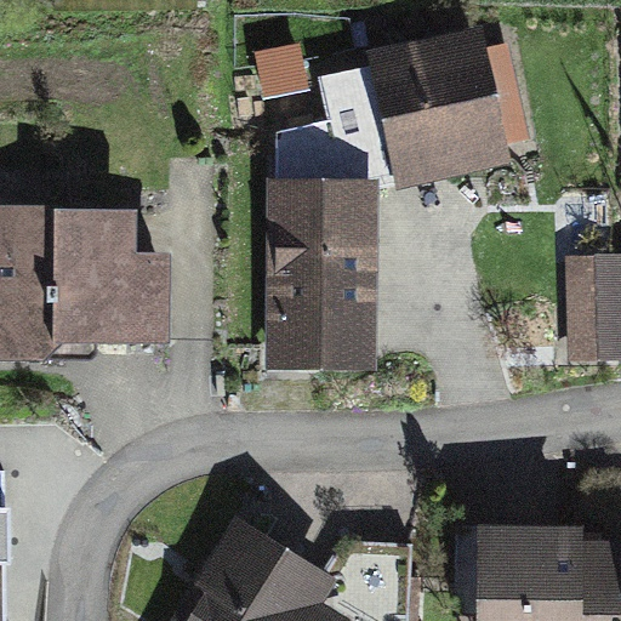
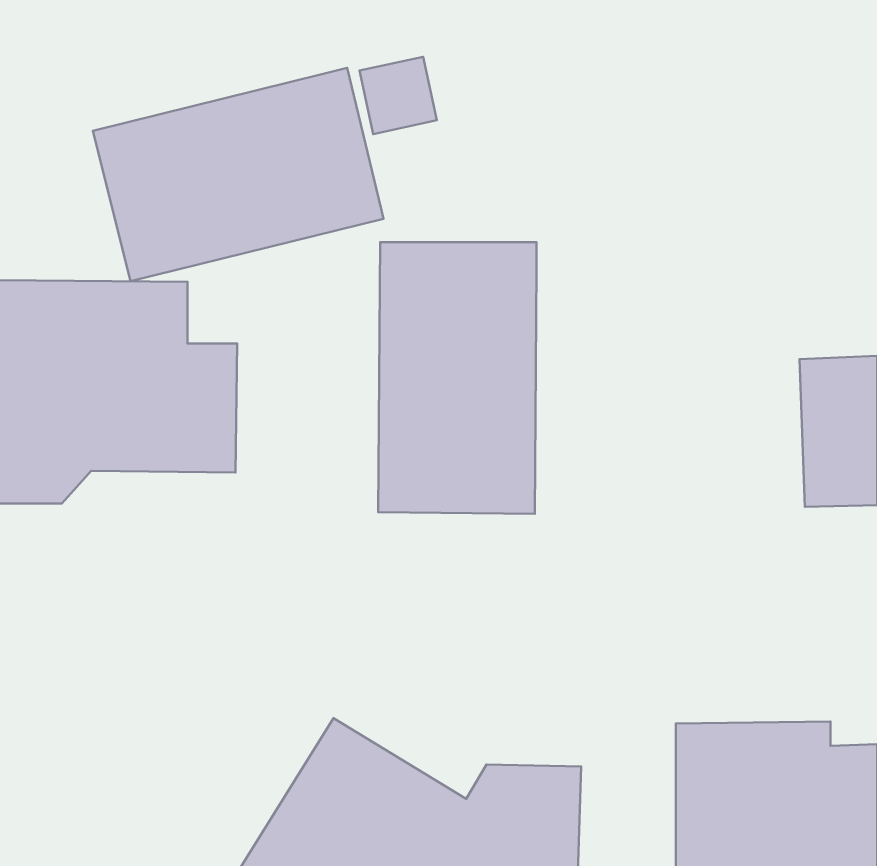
building: [275,23,511,198] -> none
building: none -> [93,68,384,281]

